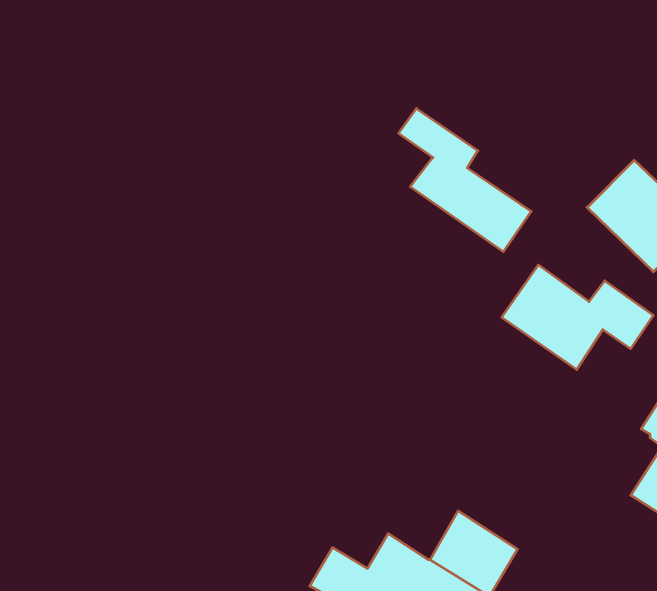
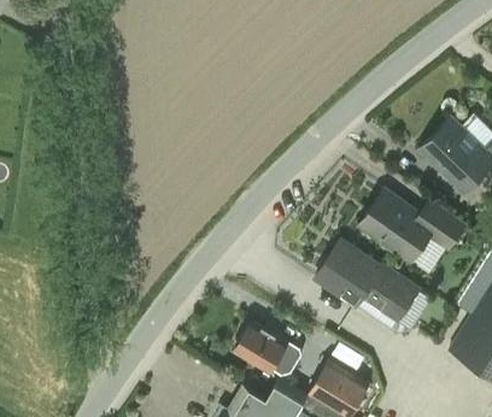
building: [399,108,531,252] -> none
building: none -> [315,242,417,323]
building: none -> [235,324,299,376]

